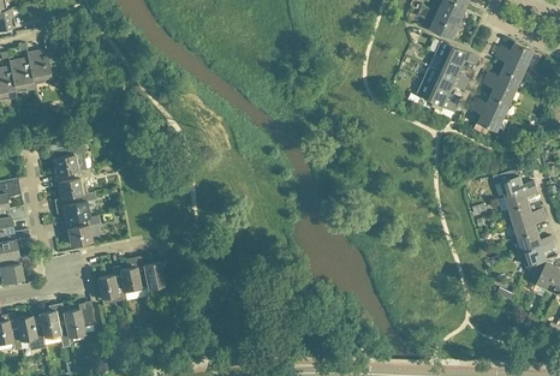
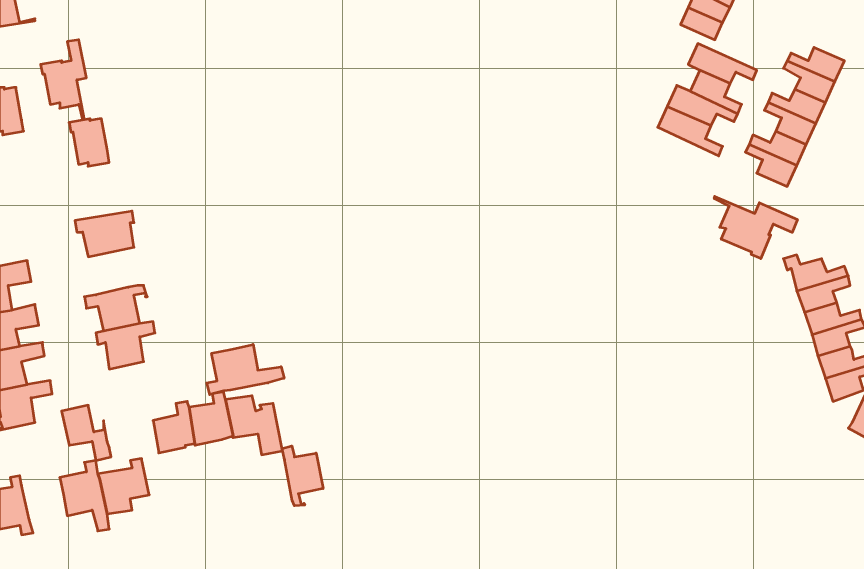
building: [8,60,34,90] -> [69,119,109,166]
building: none -> [714,196,797,259]
building: [53,169,90,199] -> none
building: none -> [207,344,284,395]
building: none -> [282,446,323,506]
building: [14,316,46,351] -> [62,405,111,461]

